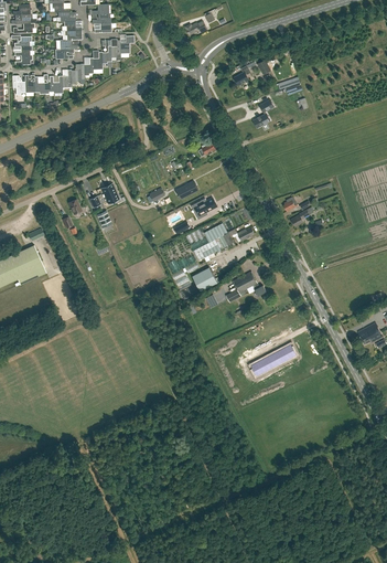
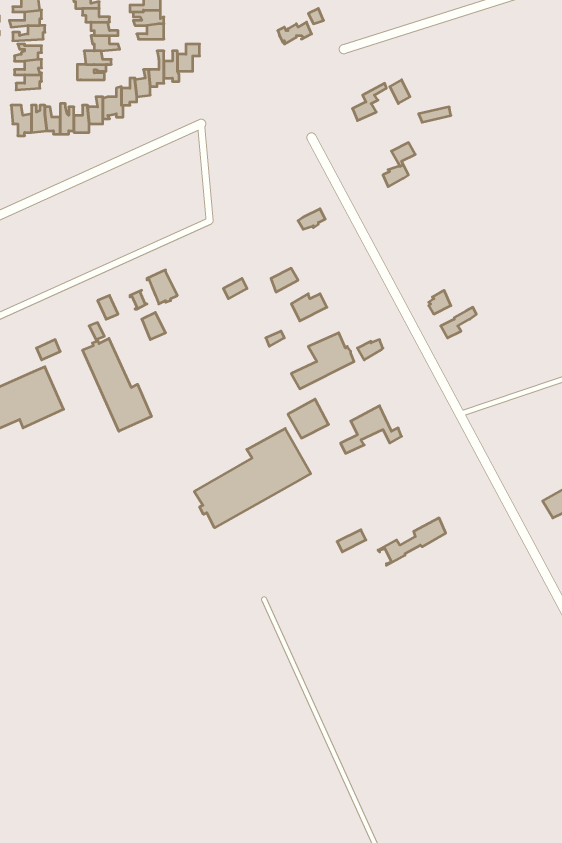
building: none -> [83,338,151,431]
building: none -> [194,428,311,528]

